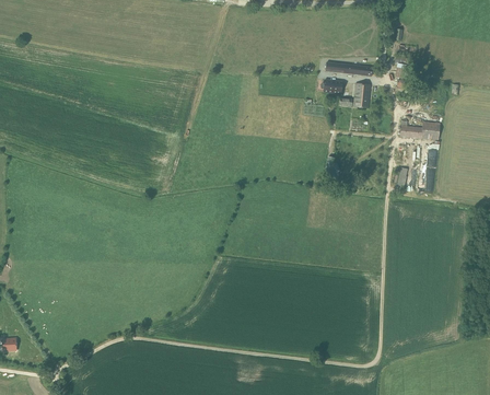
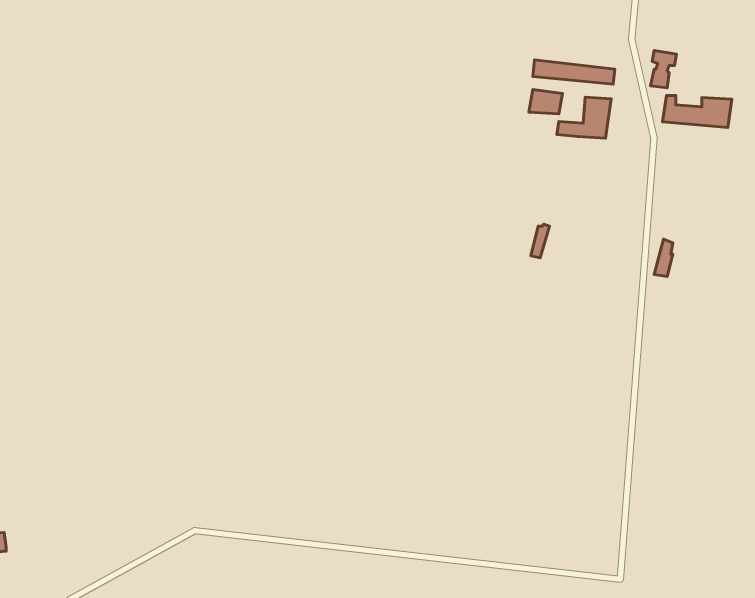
building: [400,119,441,138] -> [663,96,732,127]

